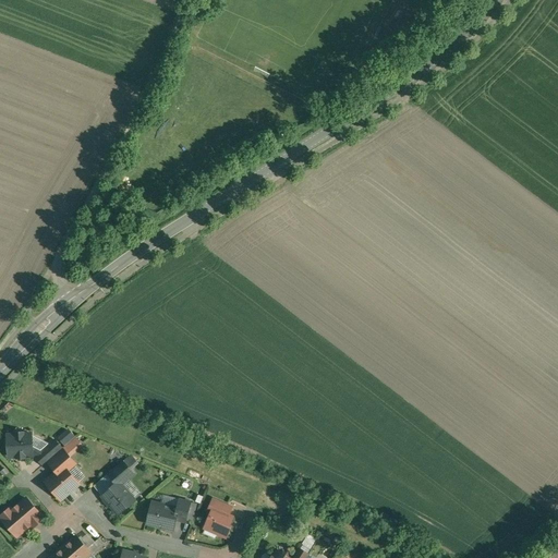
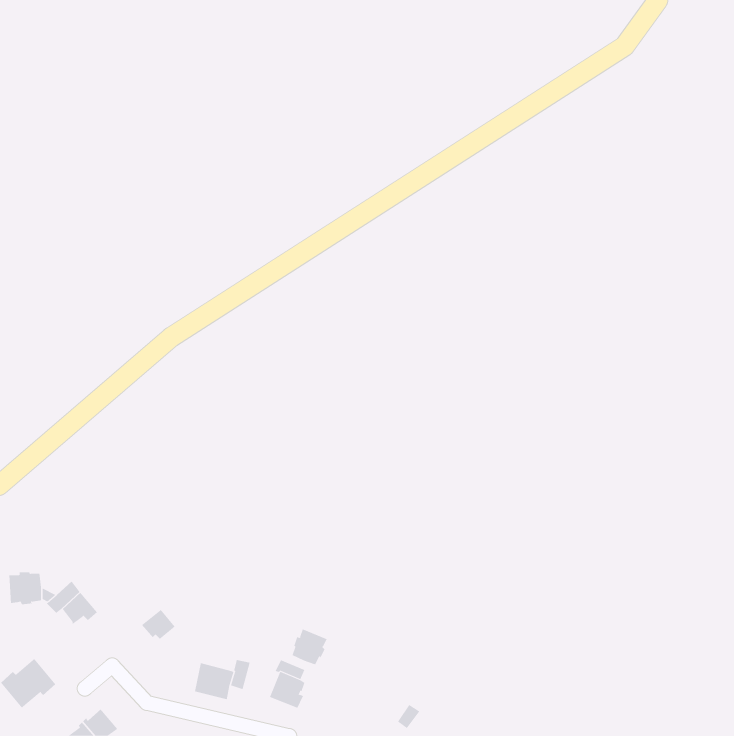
building: [45,466,78,499] -> none
building: none -> [292,629,328,665]
building: [101,481,134,513] -> none

